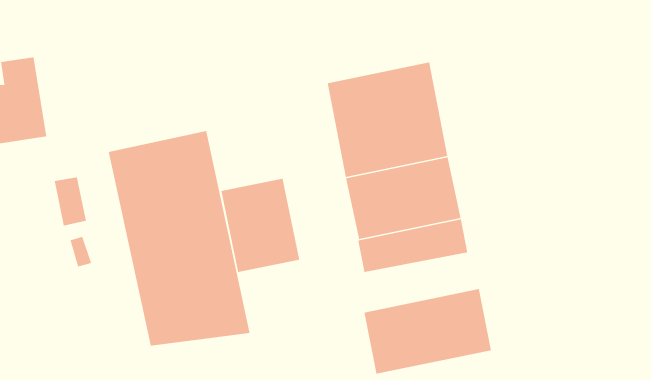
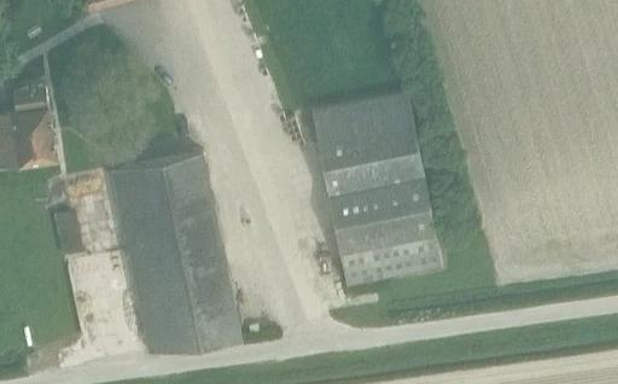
building: [220,178,300,273] -> none
building: [363,288,492,375] -> none

